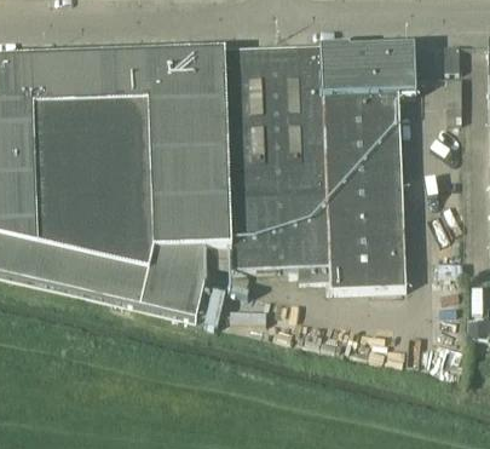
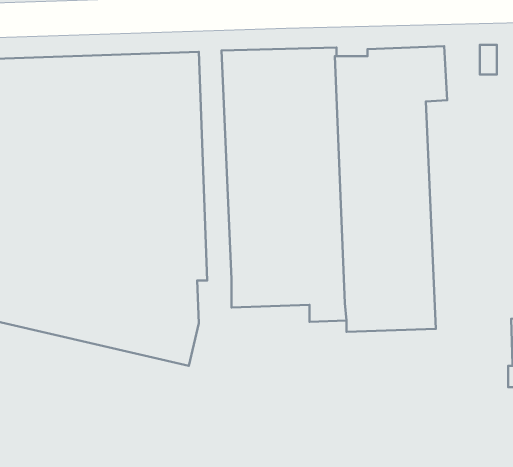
building: [203,46,231,242] -> none

